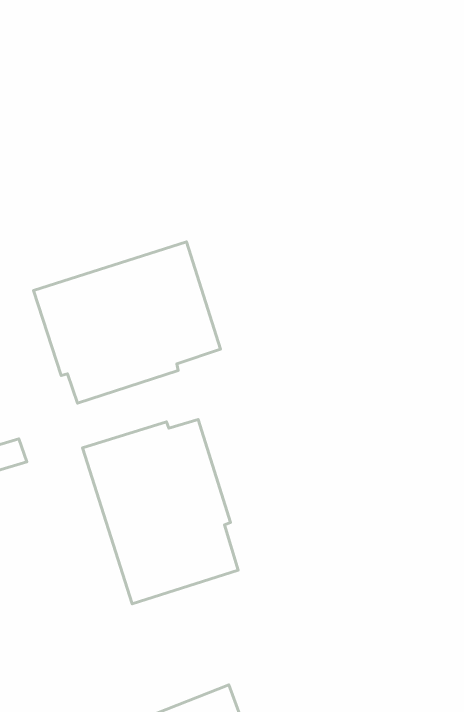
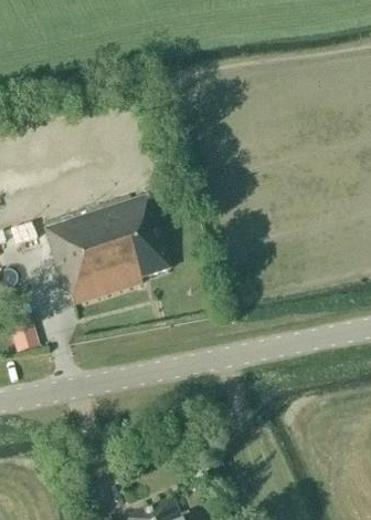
building: [83,419,238,604] -> none

